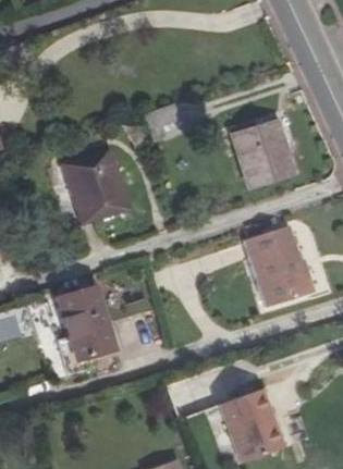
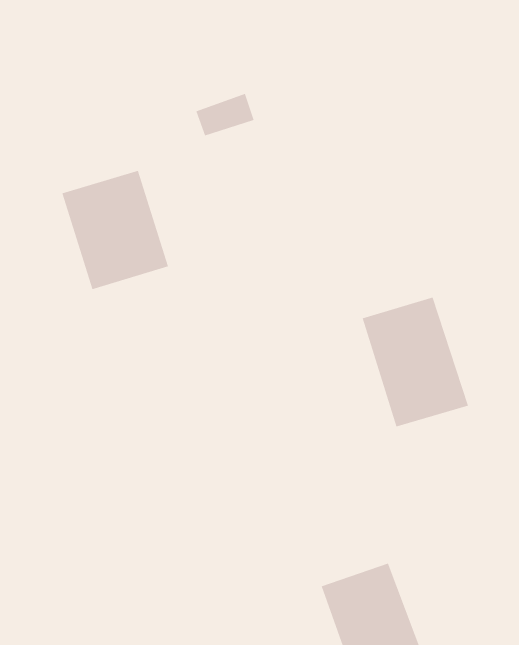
building: [231,119,295,189] -> none
building: [56,287,114,360] -> none

